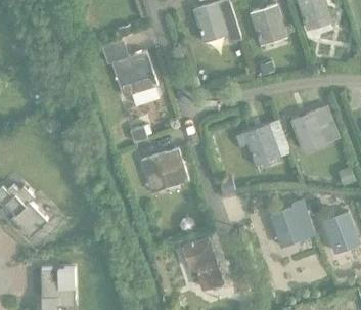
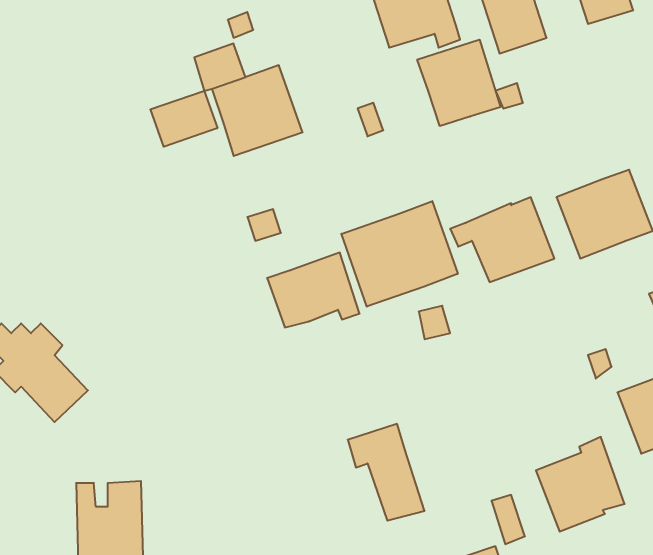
building: none -> [417,40,501,126]
building: none -> [150,91,217,147]
building: none -> [341,201,458,307]
building: [269,197,315,247] -> [536,437,625,532]

